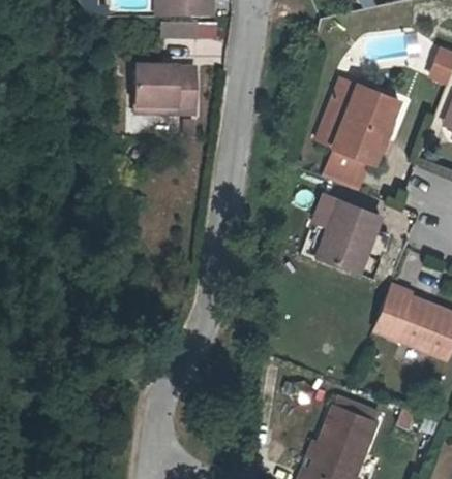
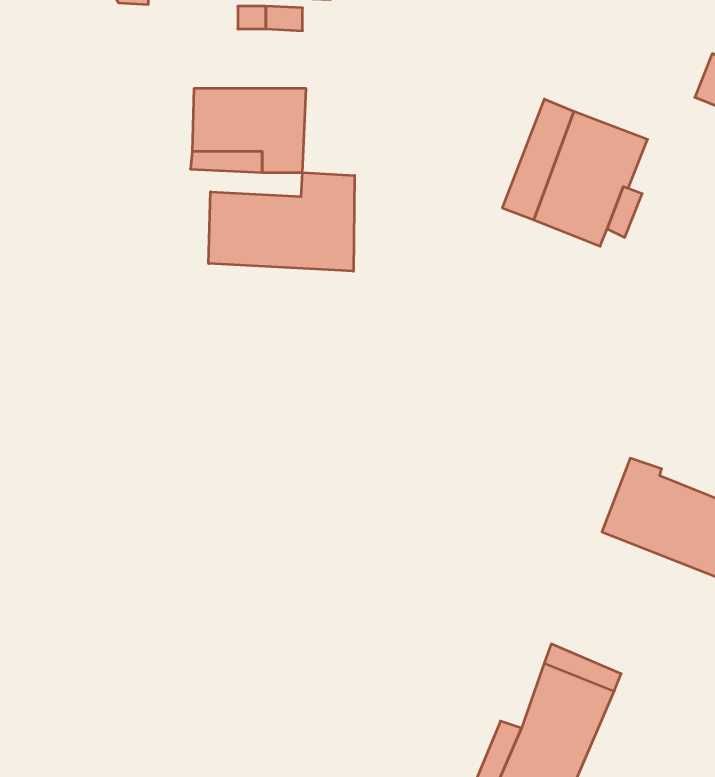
building: none -> [209,173,355,271]
building: [325,147,373,186] -> none
building: [310,198,376,278] -> none

